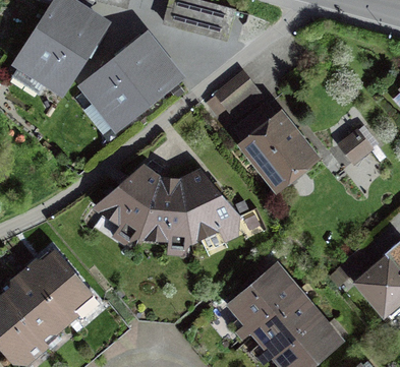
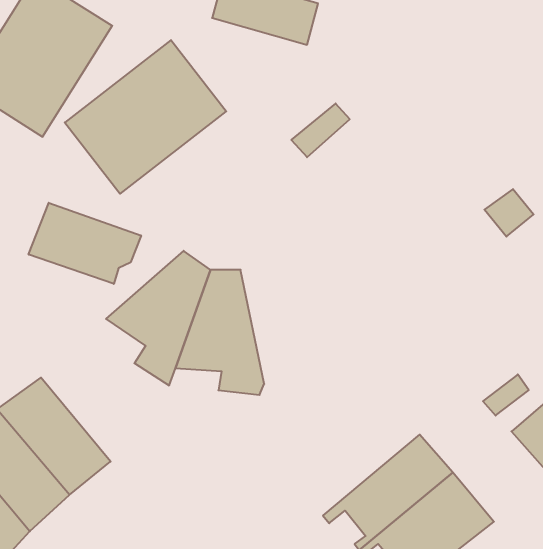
building: [231,97,313,182] -> none
building: none -> [29,203,141,284]
building: [182,172,241,252] -> none
building: [223,260,297,337] -> none

